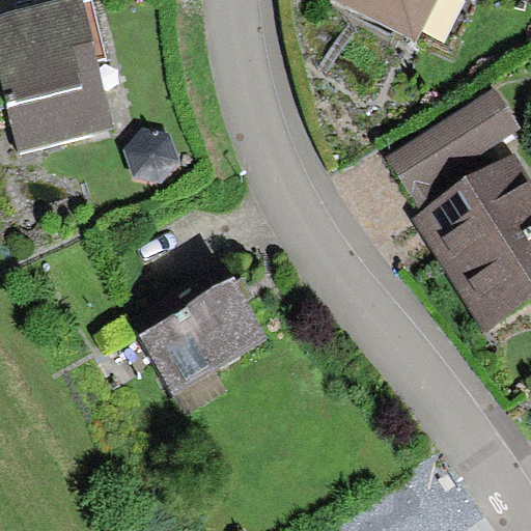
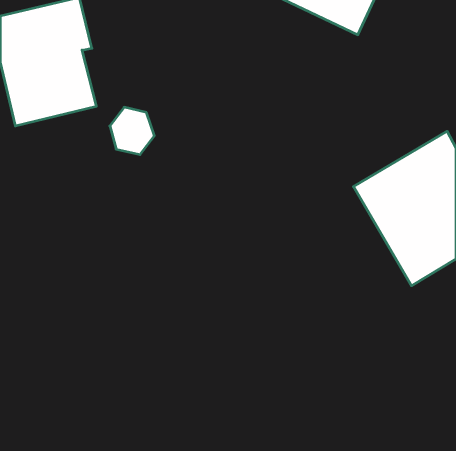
building: [388,92,516,197] -> none
building: [127,258,271,414] -> none

